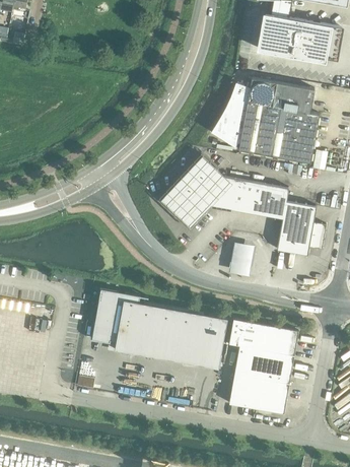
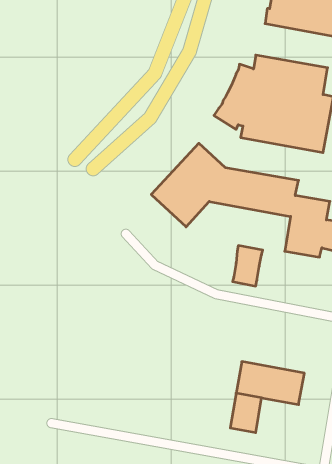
building: [90,288,226,368] -> none
building: [228,319,297,355] -> none
building: [251,377,288,413] -> none

